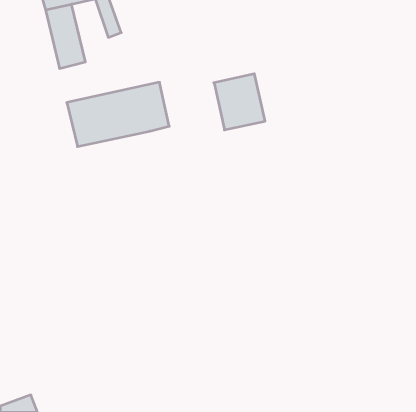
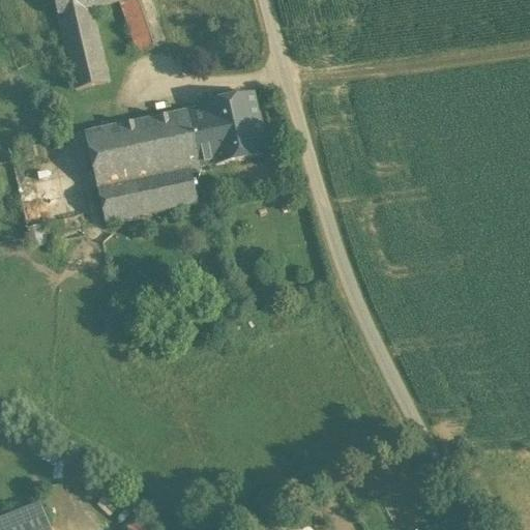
building: [214,74,265,130] -> [202,91,267,163]
building: none -> [98,167,198,220]

